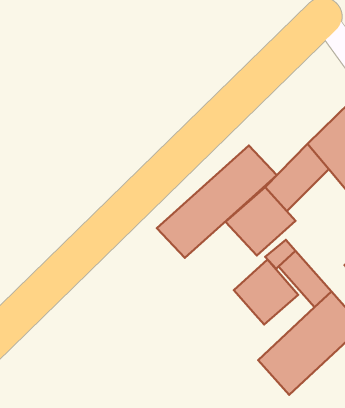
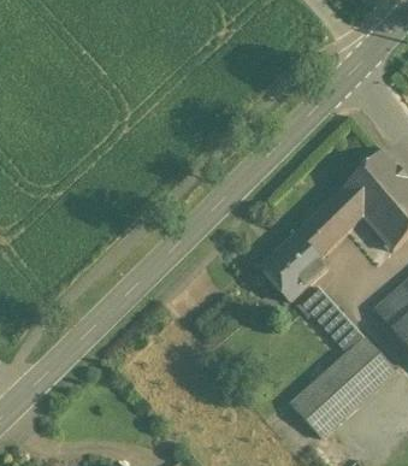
building: [157,146,277,258] -> none
building: [234,259,298,324] -> none

